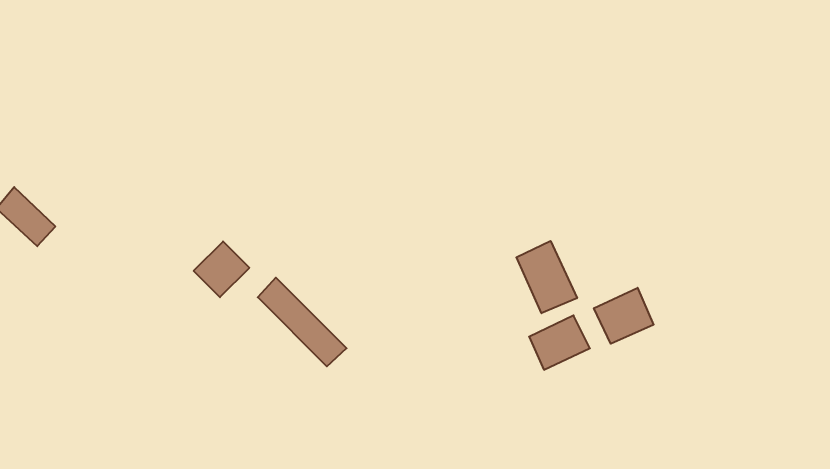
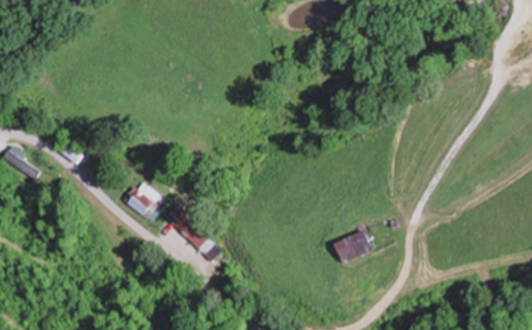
building: [516,241,577,313] -> none
building: [594,288,654,344] -> none

